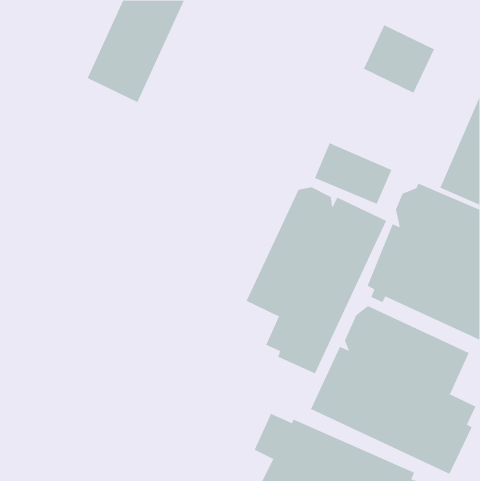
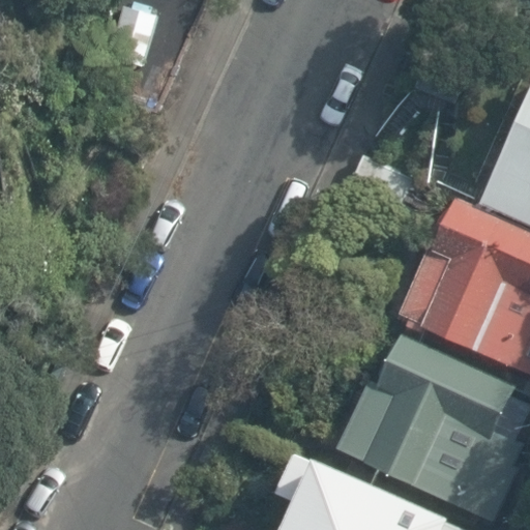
building: [246,187,387,374] -> none

